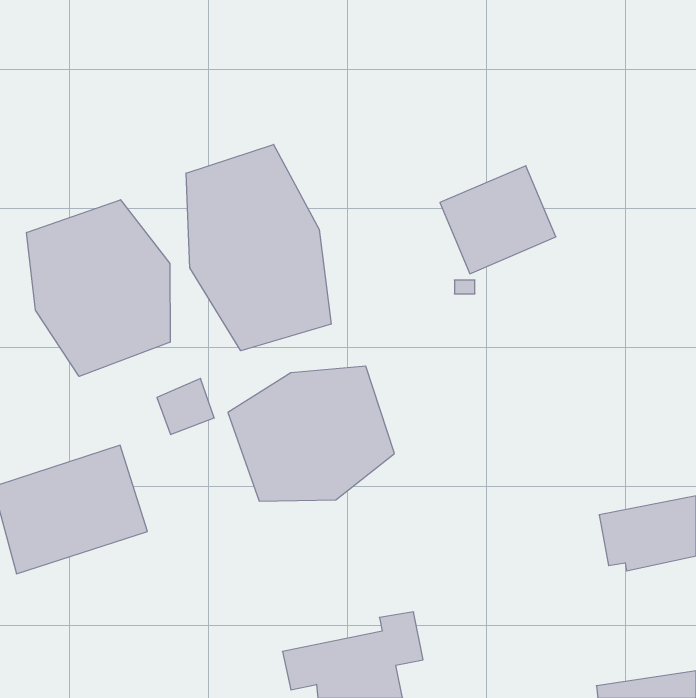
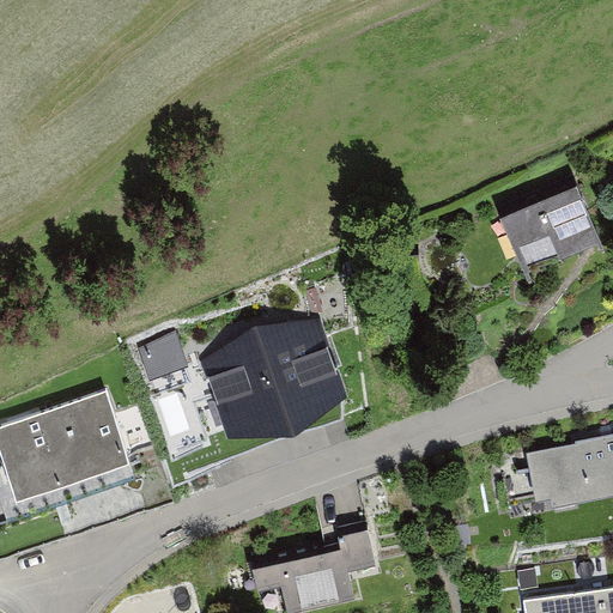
building: [186,144,331,351] -> none
building: [440,166,556,274] -> [498,178,600,273]
building: [27,200,170,376] -> none

